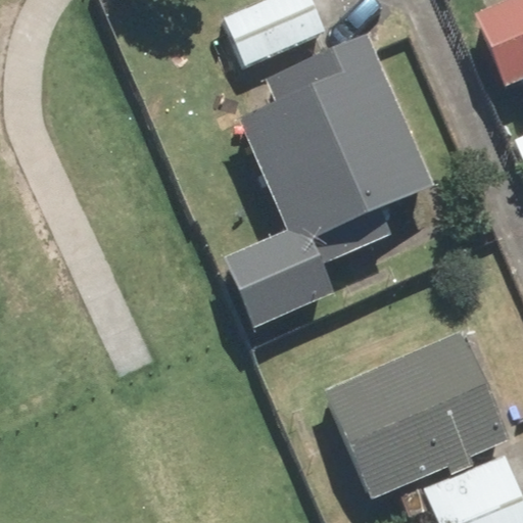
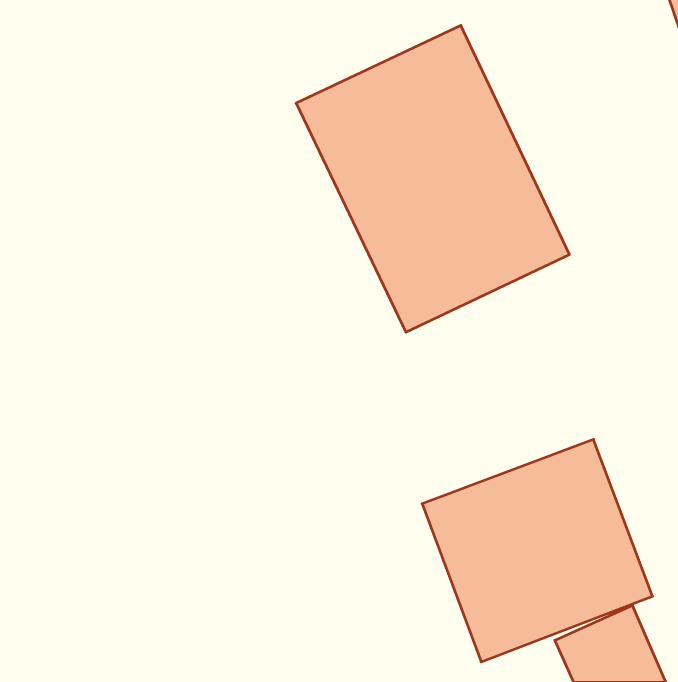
building: [228,233,326,332] -> none

